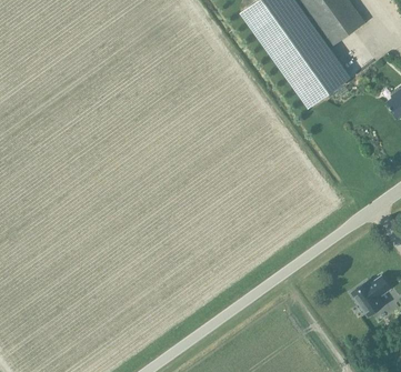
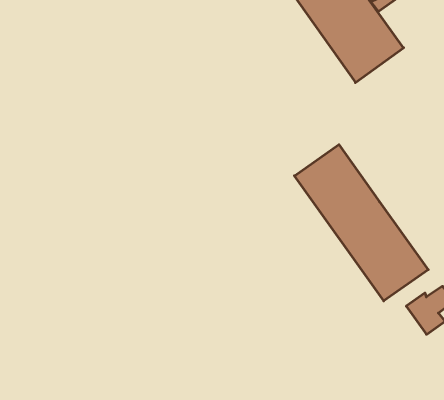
building: none -> [294,145,428,301]

